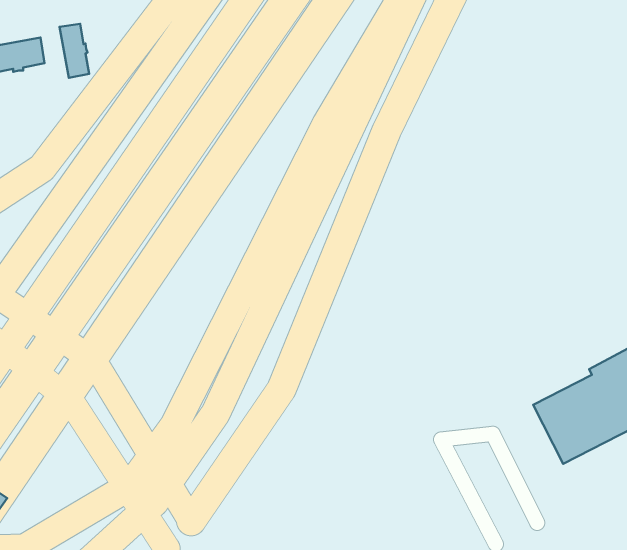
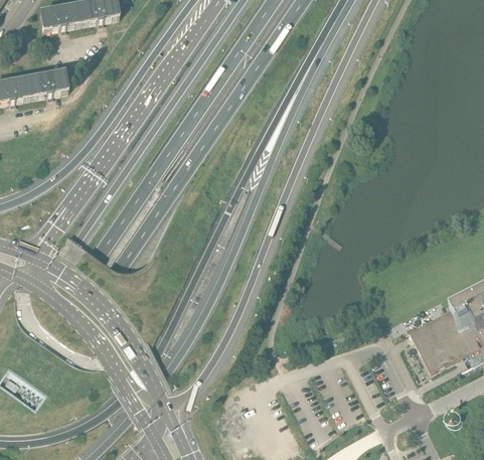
building: [59,24,89,78] -> none

